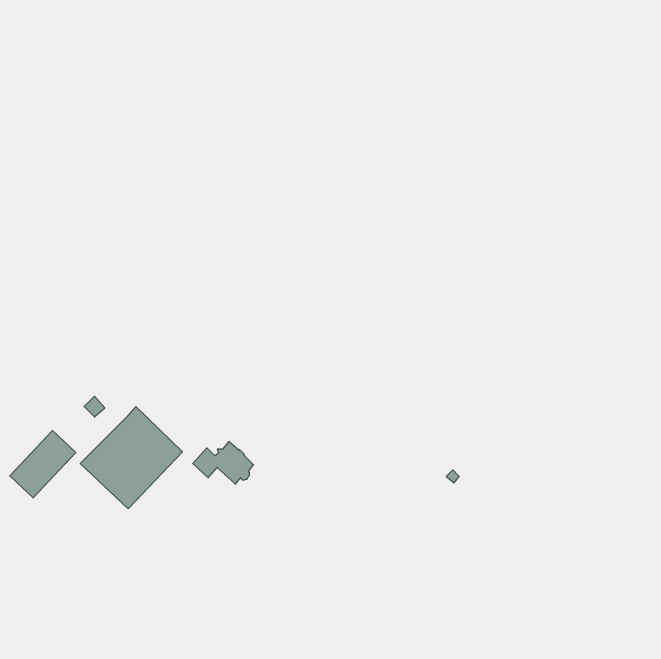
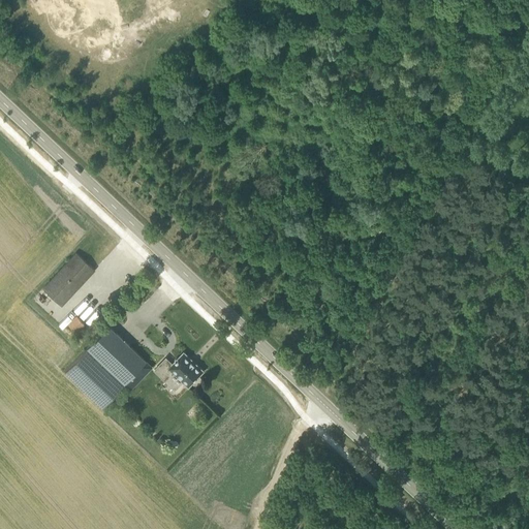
building: [10,431,76,498] -> [42,254,95,308]

